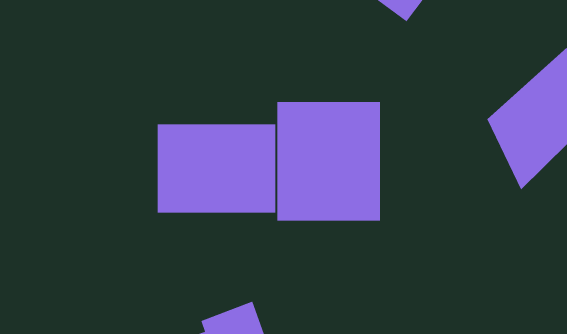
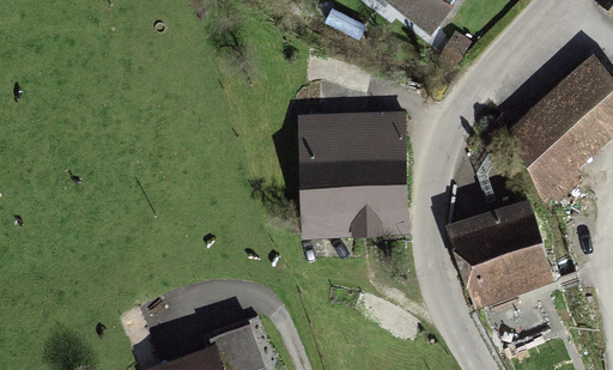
building: [157,124,276,214] -> none
building: none -> [448,202,554,311]

